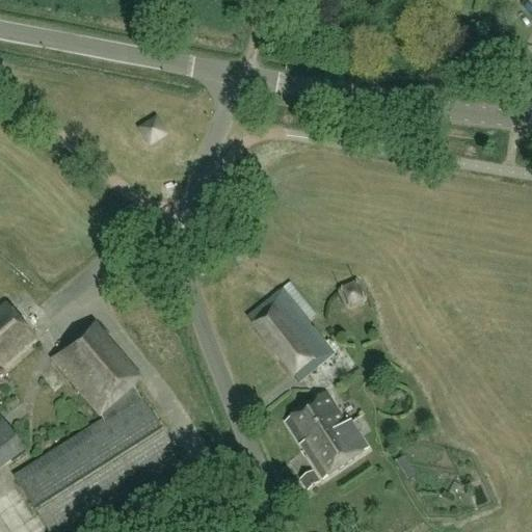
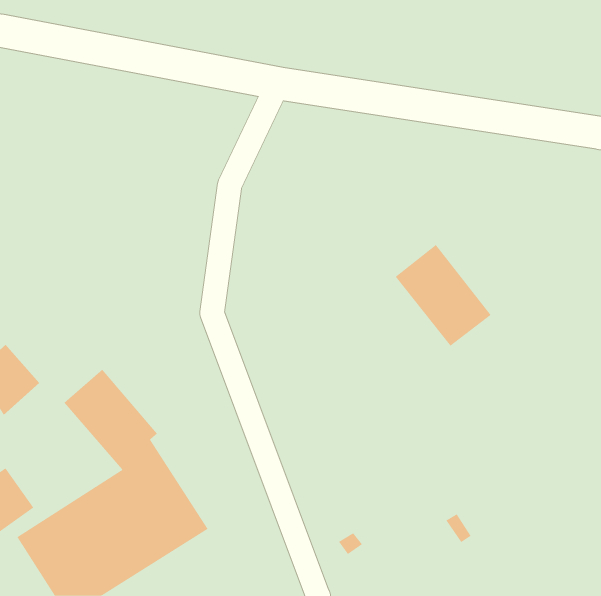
building: [246,287,331,377] -> [395,244,492,346]
building: [285,392,367,476] -> none

